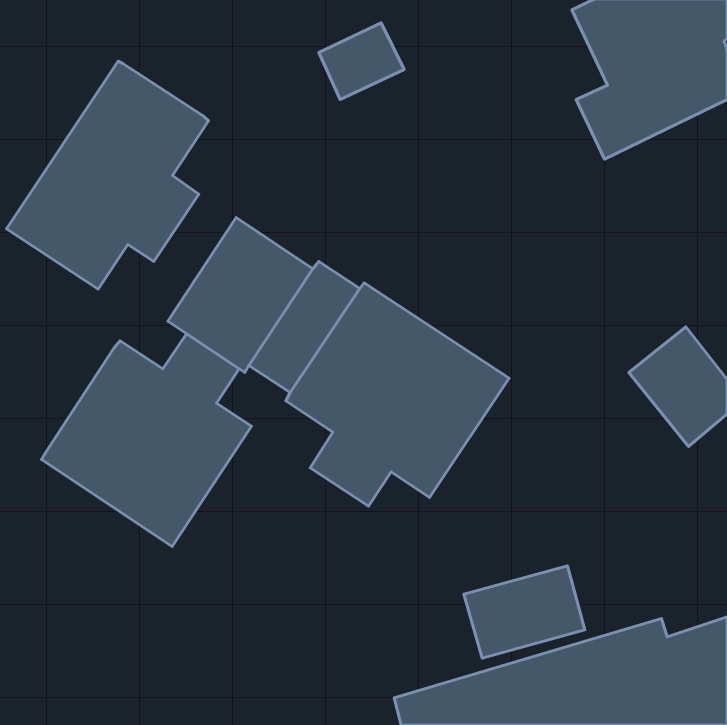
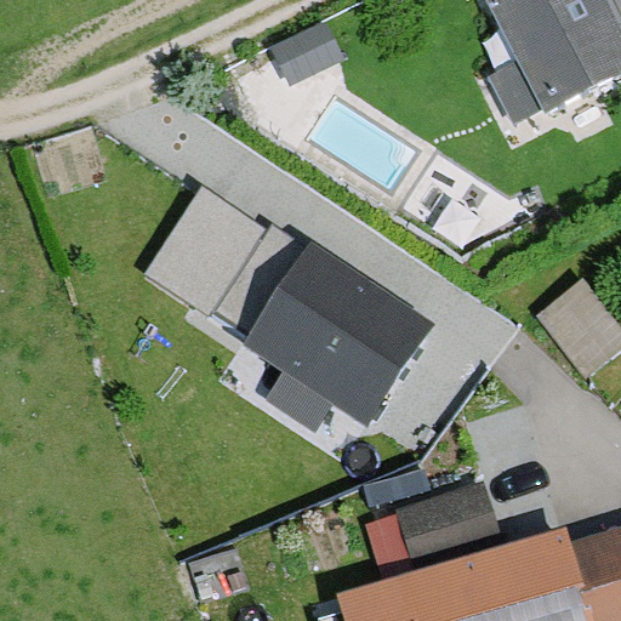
building: [7,61,208,289] -> none
building: [42,334,251,547] -> none

